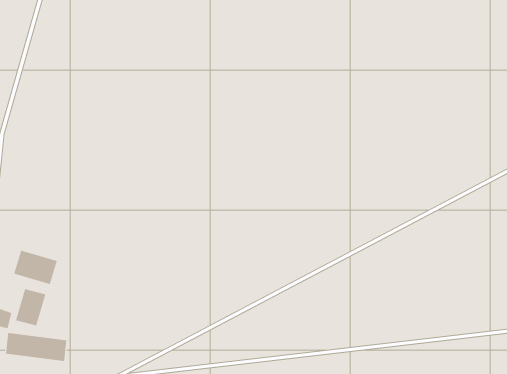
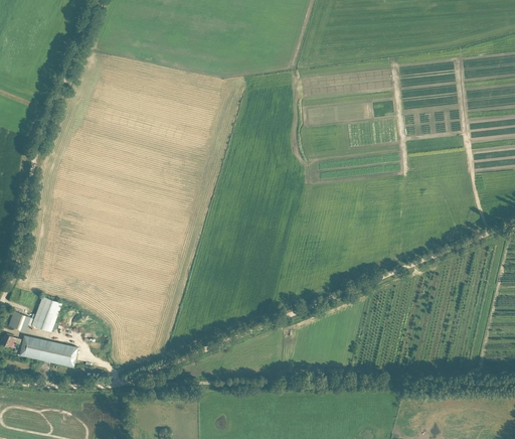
building: [13,250,58,285] -> none

